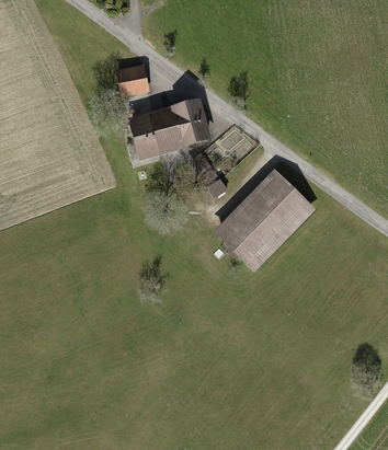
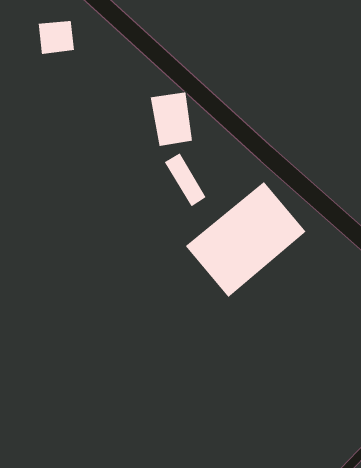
building: [116,65,150,96] -> [38,21,75,55]
building: [128,106,182,160] -> none

